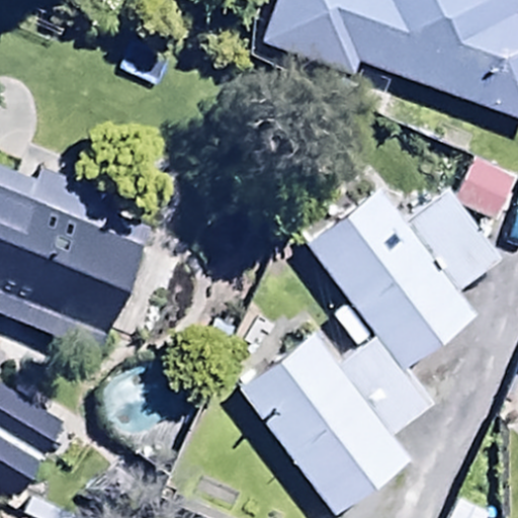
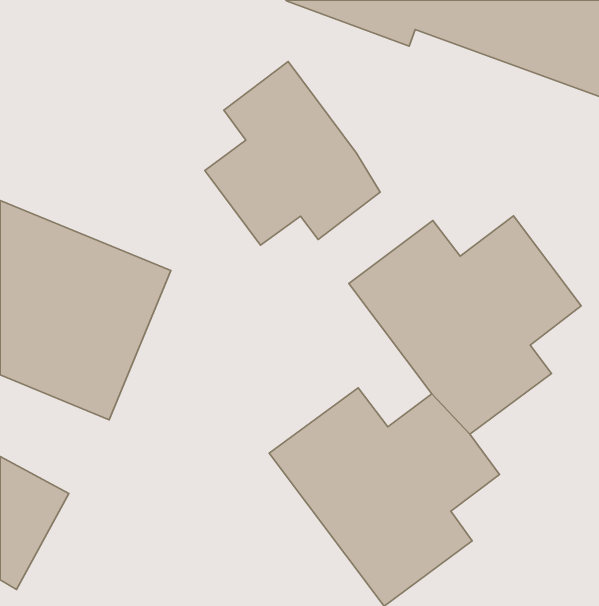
building: none -> [205,62,380,245]

